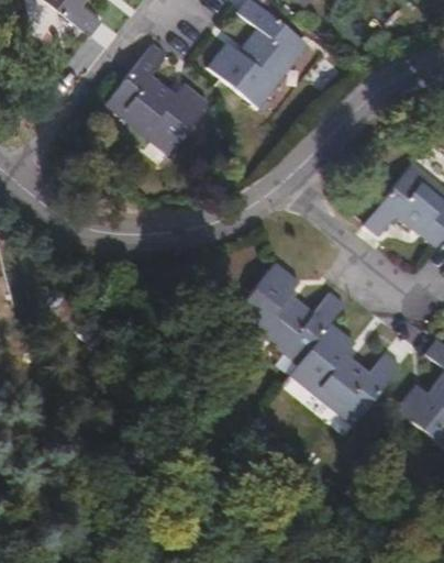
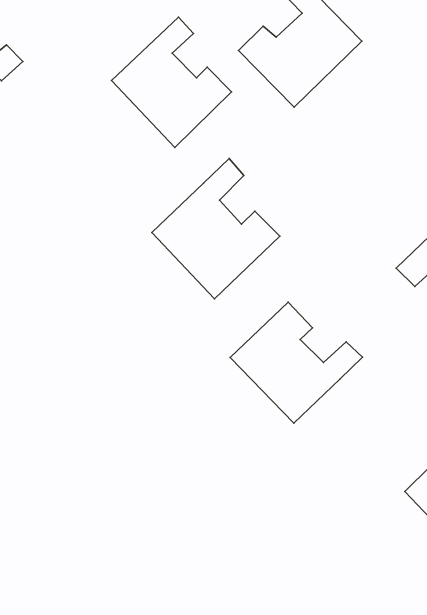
building: none -> [152,159,280,299]
building: [289,325,400,428] -> none

